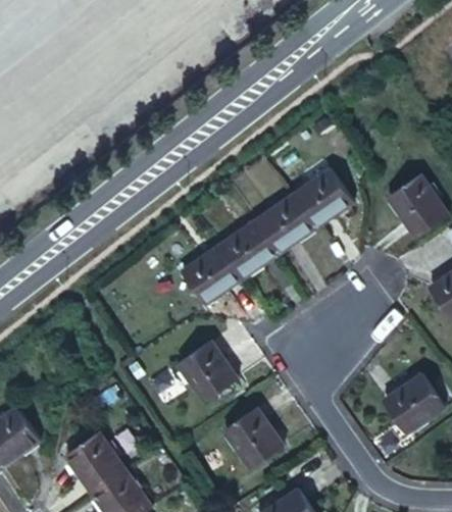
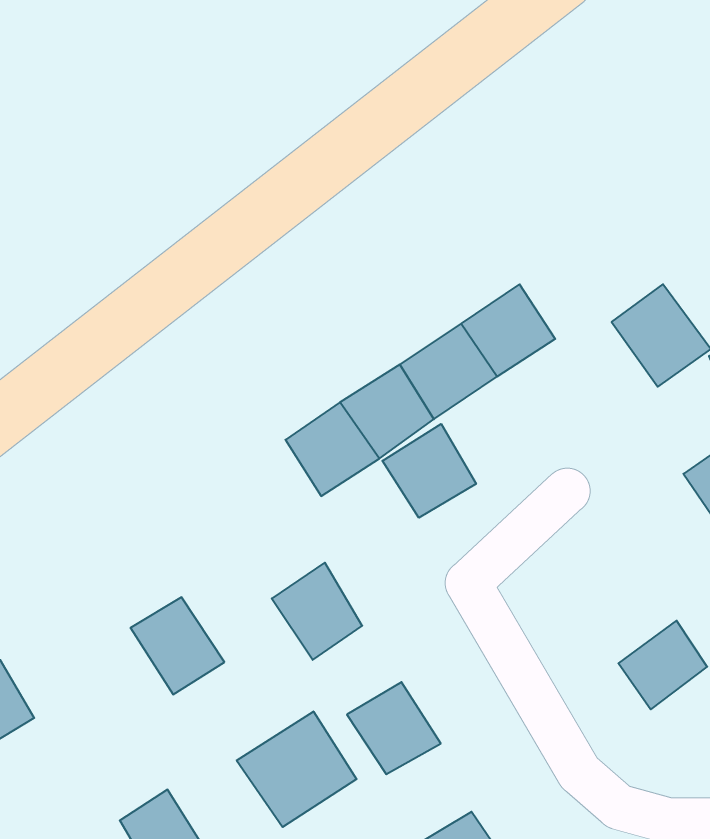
building: none -> [382,424,476,518]
building: [59,427,115,485] -> [130,597,224,694]
building: none -> [237,711,357,827]

